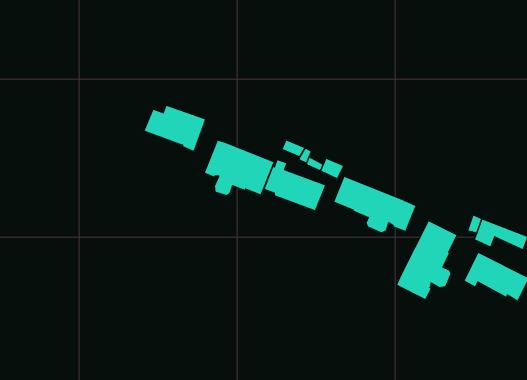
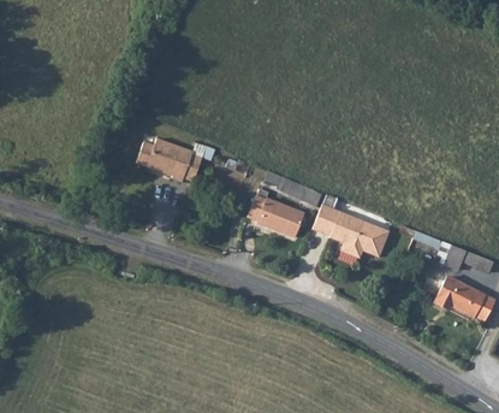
building: [204,140,274,196] -> none
building: [397,220,457,300] -> none

